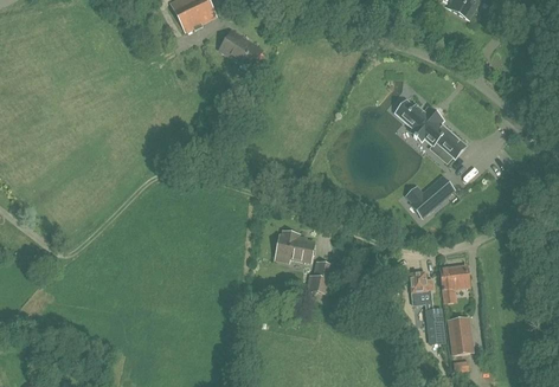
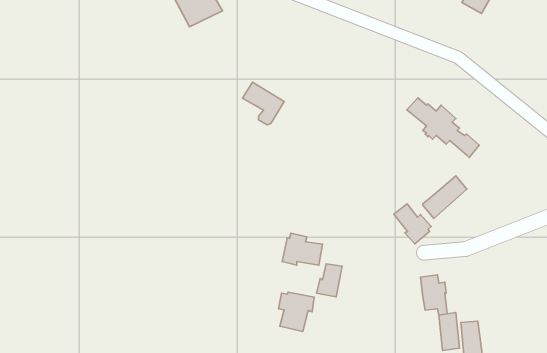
building: [221,31,262,72] -> [243,82,284,125]
building: none -> [394,204,431,244]
building: [439,265,469,302] -> none
building: none -> [279,292,314,332]

